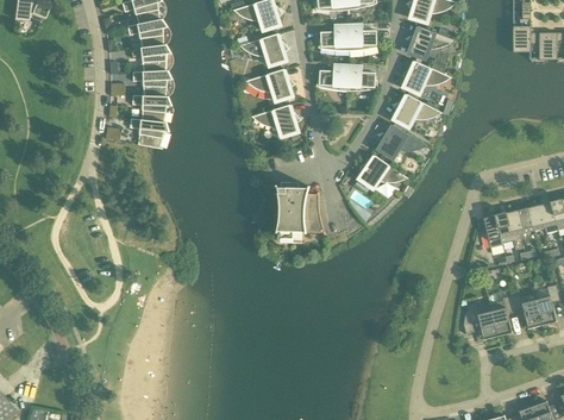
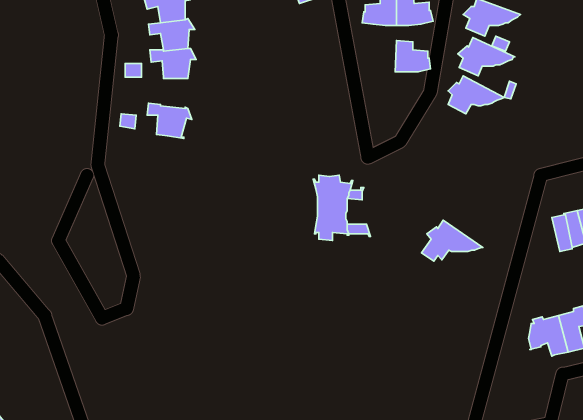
building: [239,33,288,67] -> none
building: [315,63,347,90] -> none
building: [245,69,295,101] -> none
building: [132,95,171,123] -> none
building: [251,105,301,137] -> none
building: [377,125,427,158] -> none
building: [355,155,408,190] -> [421,220,483,261]

